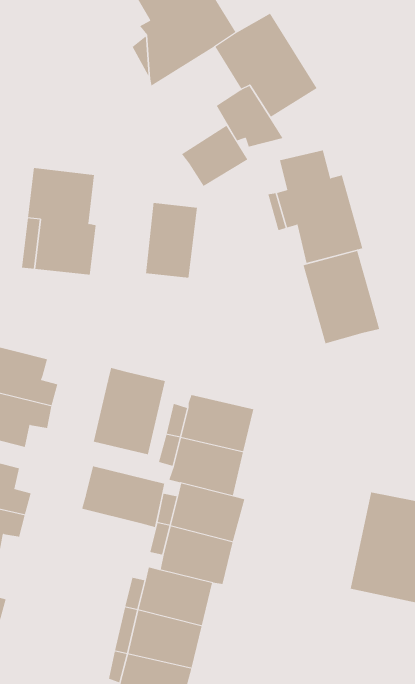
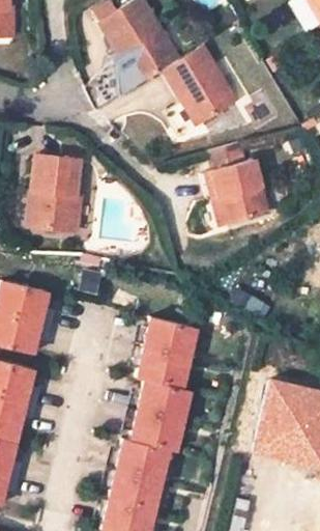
building: [181,125,248,187] -> none
building: [146,202,197,279] -> none
building: [303,250,380,344] -> none
building: [93,367,165,455] -> none
building: [81,466,165,528] -> none

